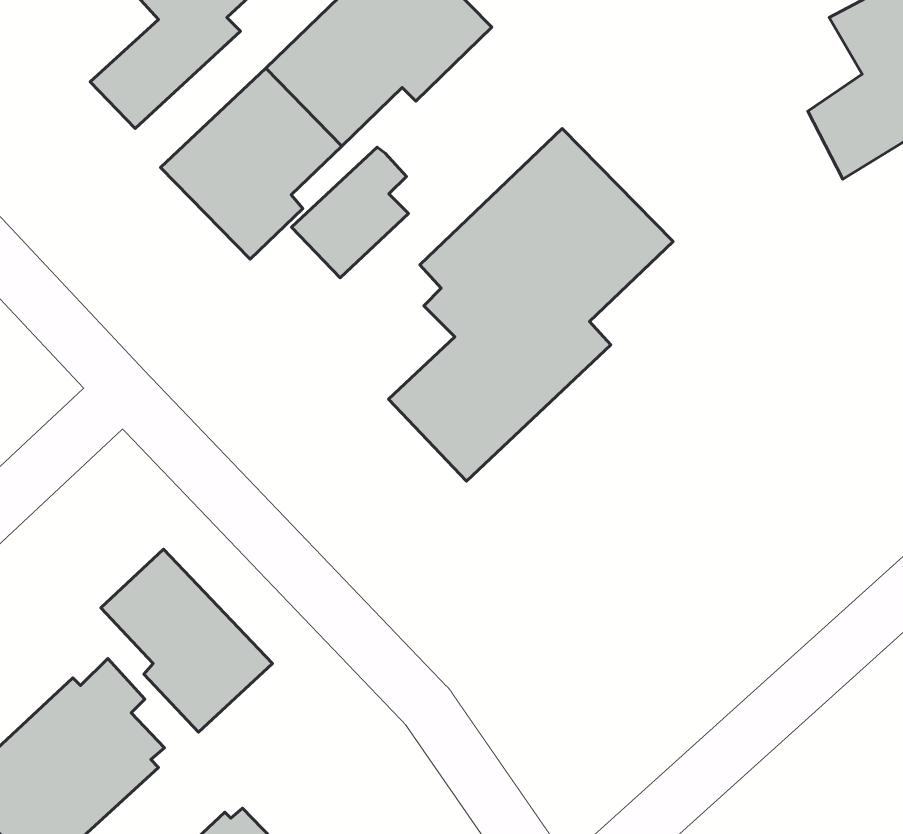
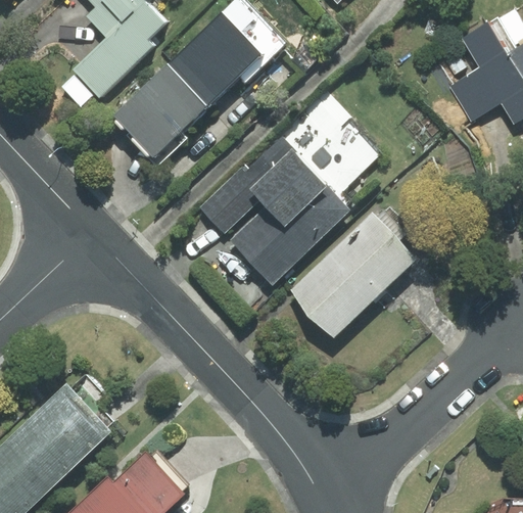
building: [292,147,408,278] -> [198,166,259,234]
building: none -> [290,216,414,336]
building: [101,549,273,732] -> none

